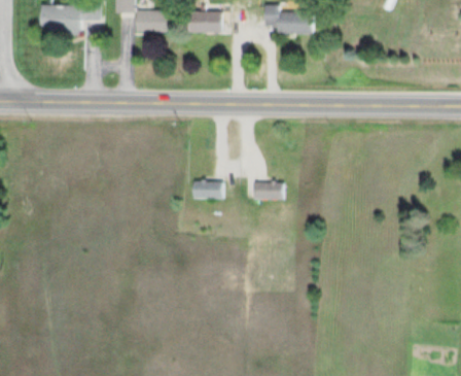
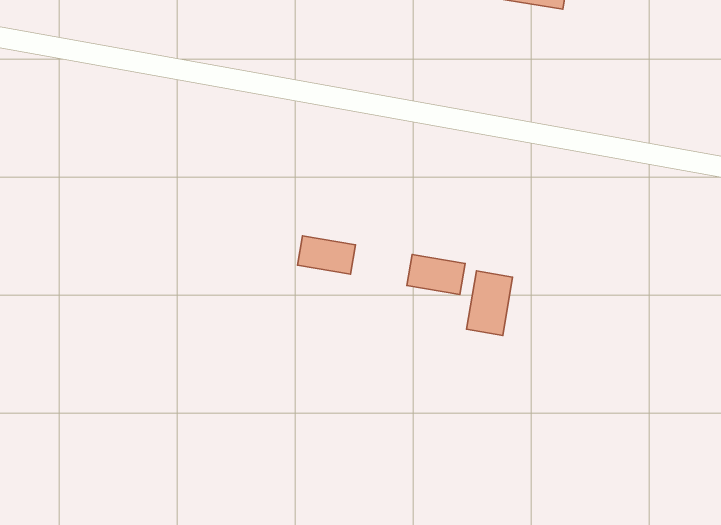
building: none -> [467,271,513,335]

